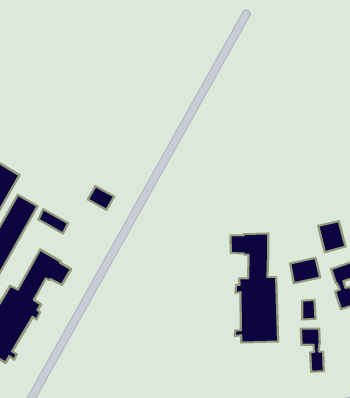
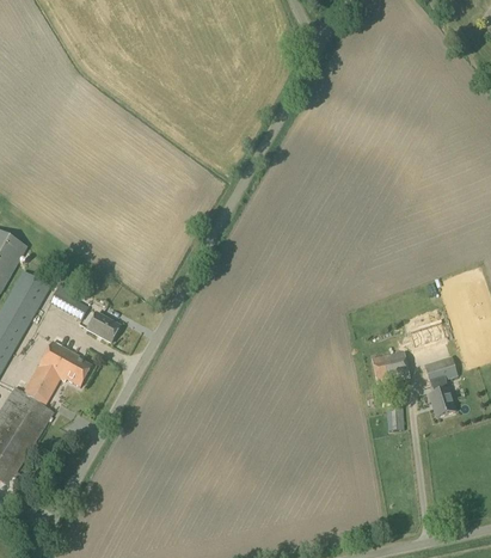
building: [88,186,114,210] -> [87,311,121,341]
building: [231,234,278,342] -> none
building: [301,328,324,372] -> none

